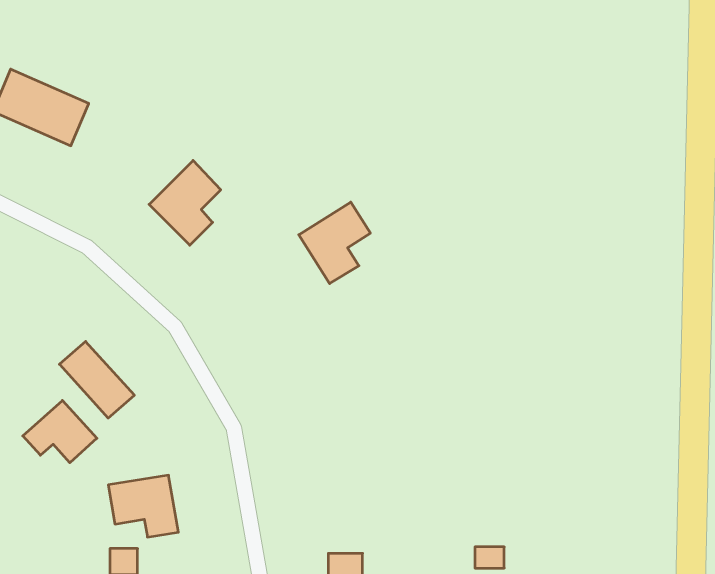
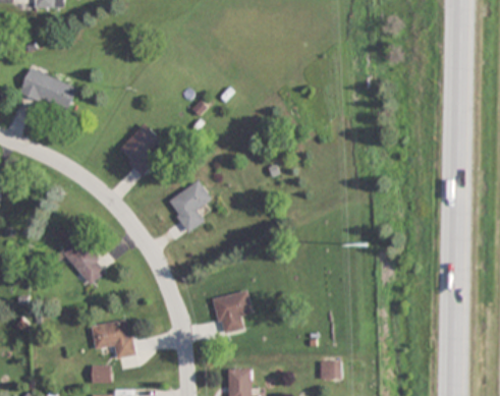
building: [299,202,370,284] -> [166,181,211,232]
building: [23,400,97,463] -> none
building: none -> [212,290,253,334]

